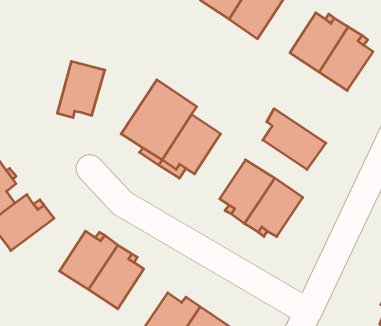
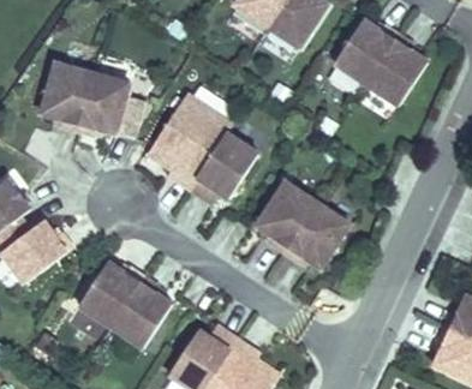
building: none -> [41,61,91,130]
building: [263,109,326,170] -> none

